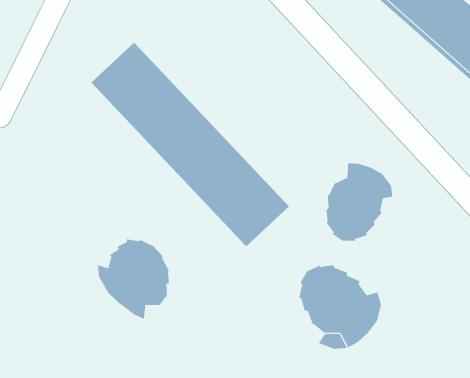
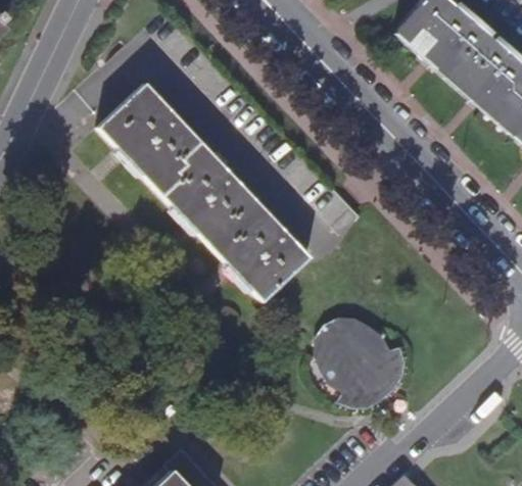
building: [326,163,393,241] -> none
building: [97,239,170,320] -> none

